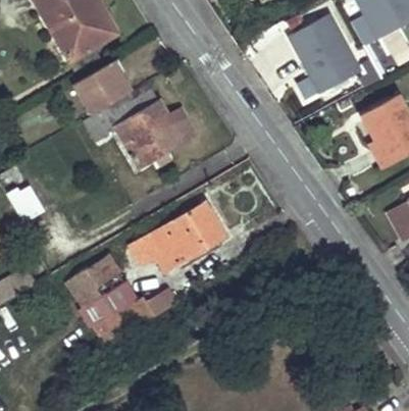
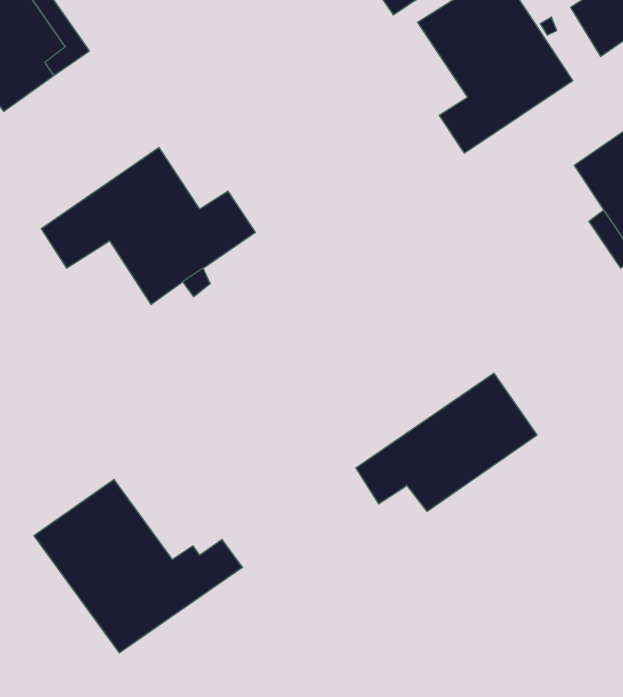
building: [74,61,132,115] -> none
building: [129,204,223,272] -> [356,373,537,511]

